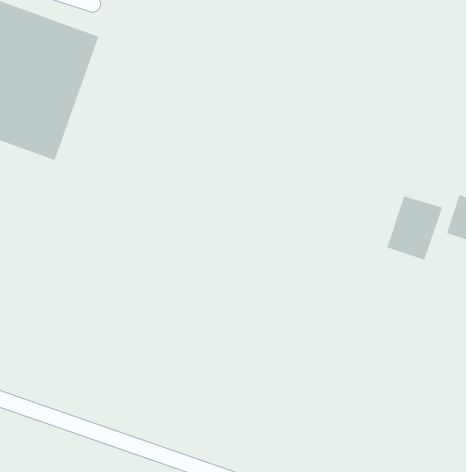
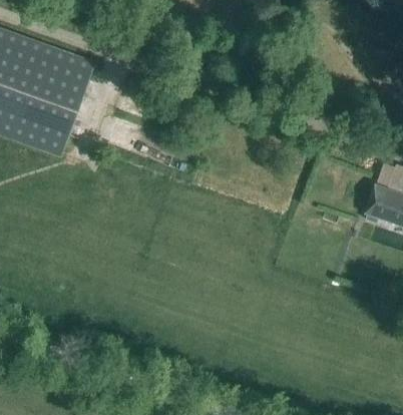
building: [386,195,443,261] -> none

